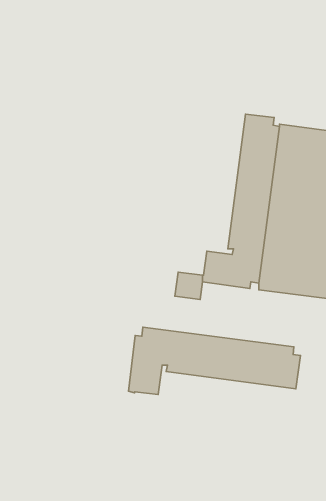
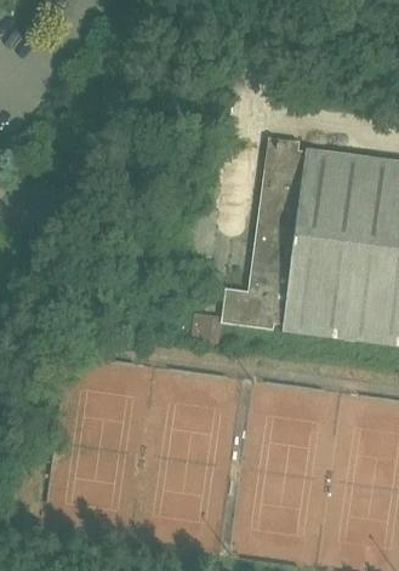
building: [128,327,301,395] -> none

